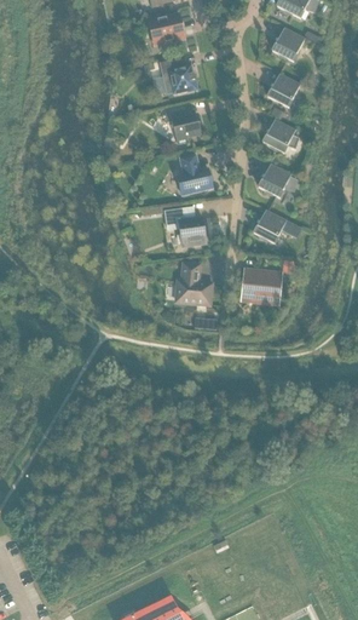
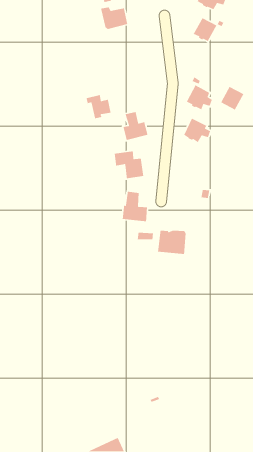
building: [158,57,197,93] -> none
building: [267,73,300,107] -> [220,86,245,111]
building: [164,108,200,142] -> [85,94,111,119]
building: [253,208,302,243] -> none
building: [241,270,281,304] -> [157,230,187,255]

